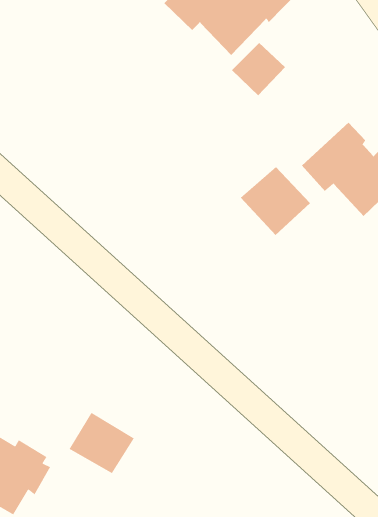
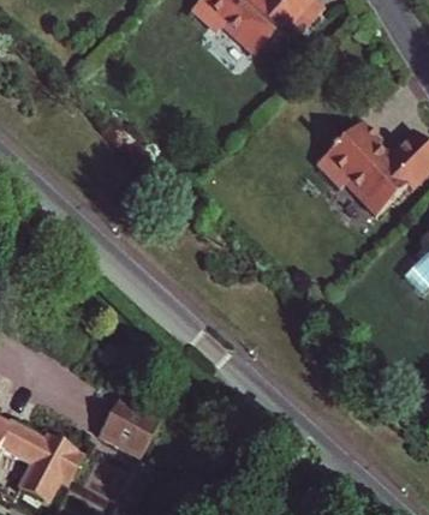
building: [231,42,286,96] -> none
building: [240,166,311,236] -> none

